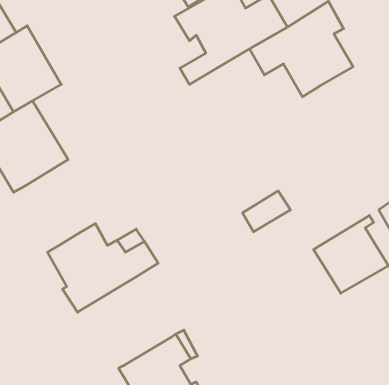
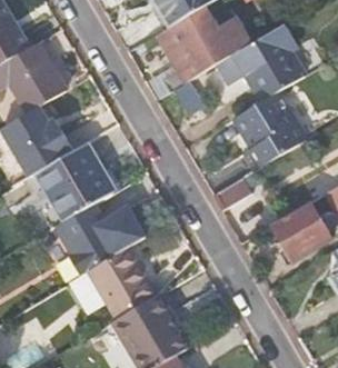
building: none -> [235,91,306,169]
building: none -> [37,143,113,220]
building: none -> [88,247,156,319]

